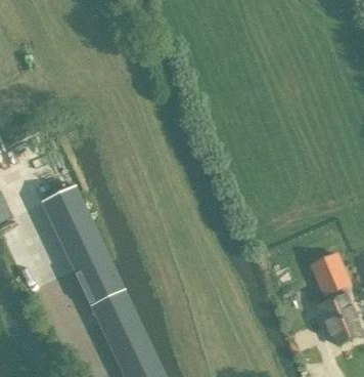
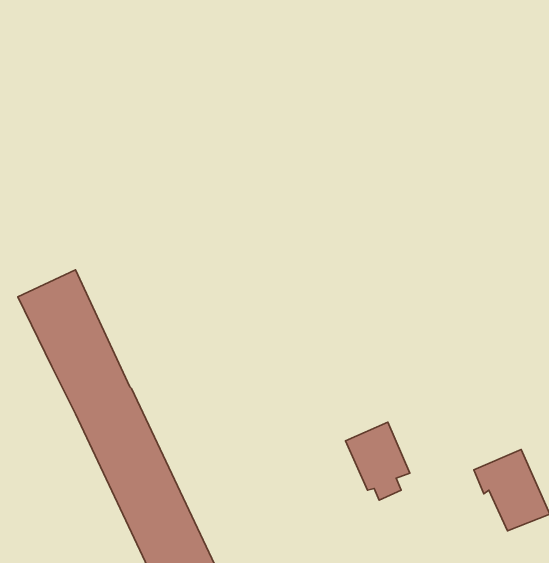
building: [311,252,350,299] -> [345,422,410,500]

